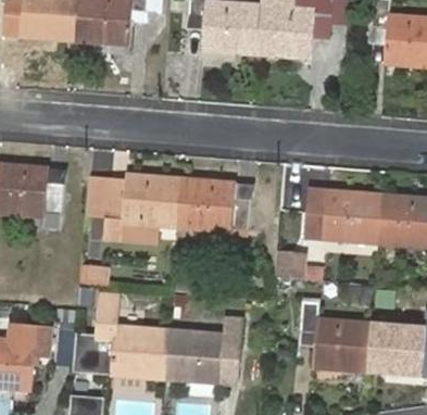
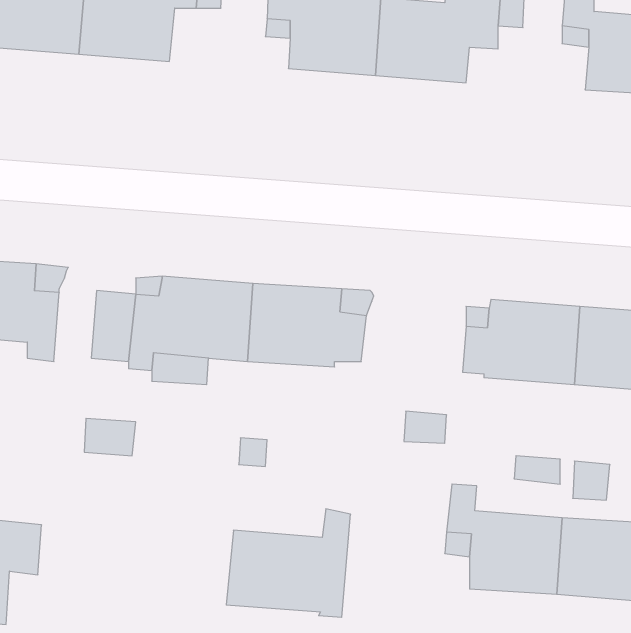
building: [68,294,169,379] -> none

